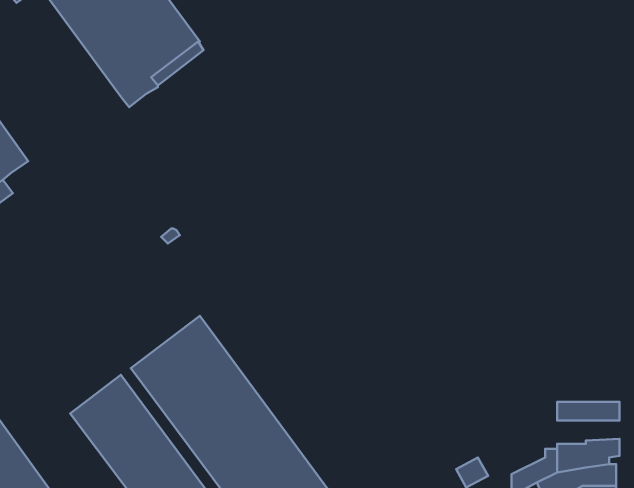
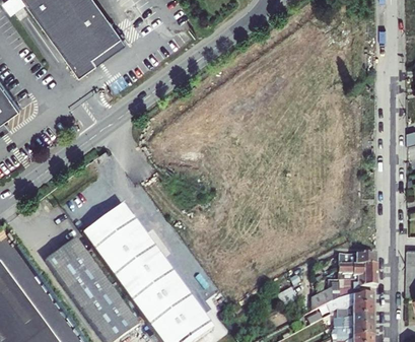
building: none -> [338,266,375,280]

